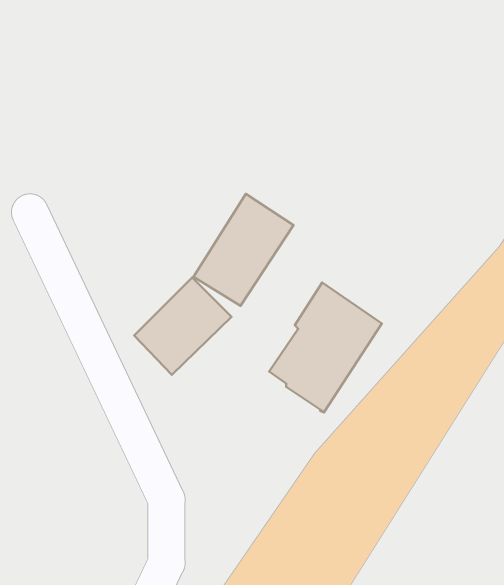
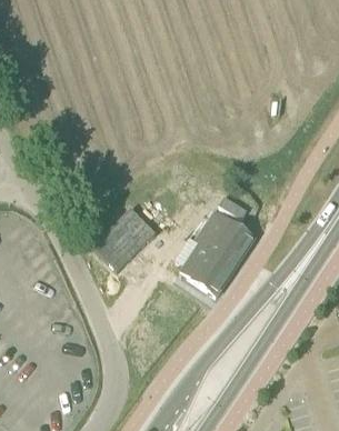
building: [193,194,293,306] -> none

